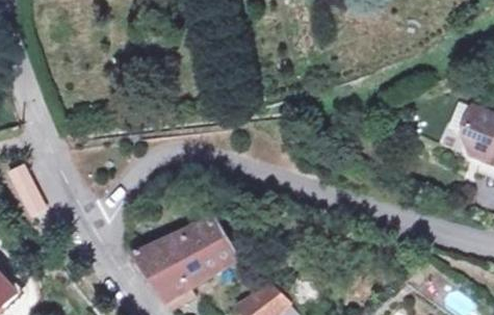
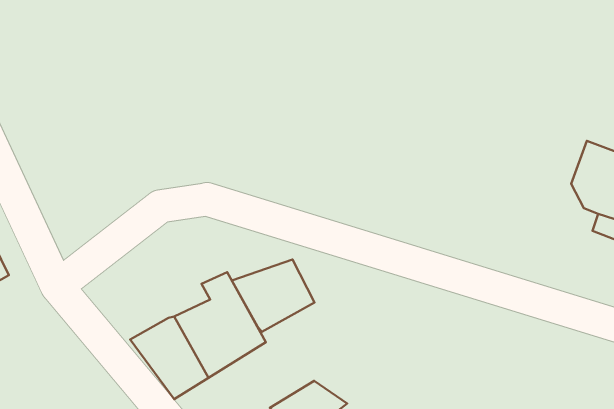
building: none -> [232,260,314,332]

